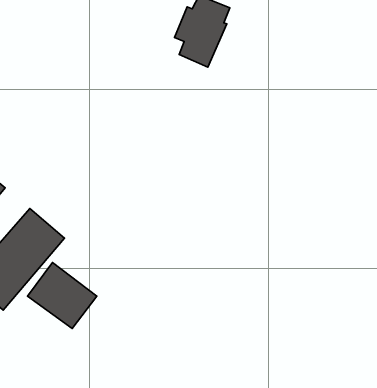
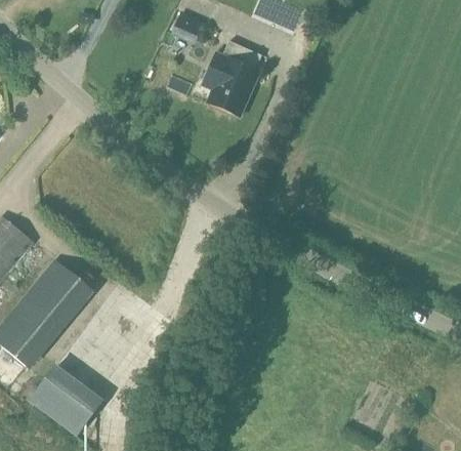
building: [28,262,97,329] -> [34,370,106,439]

